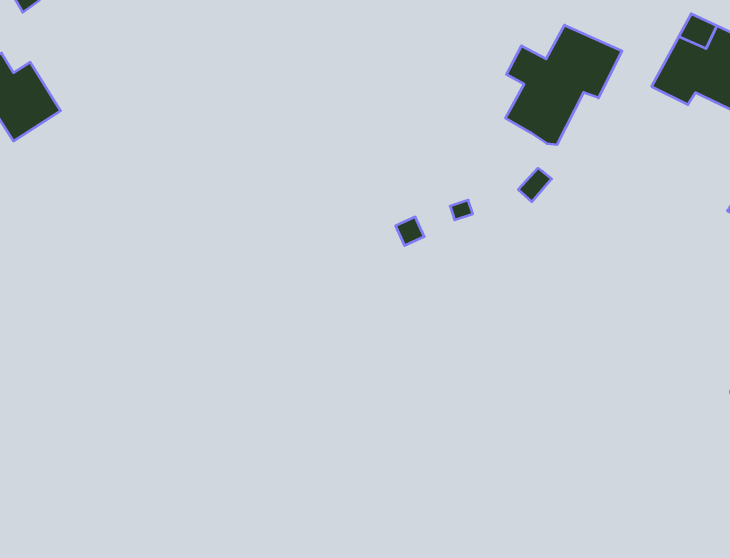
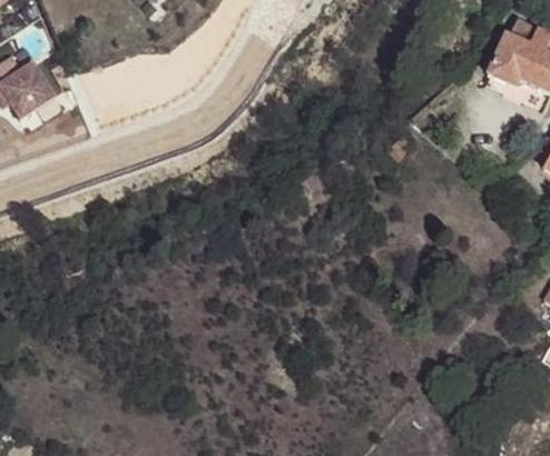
building: [506,25,622,145] -> none

